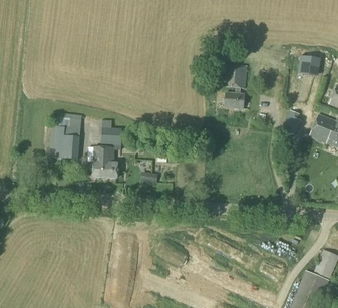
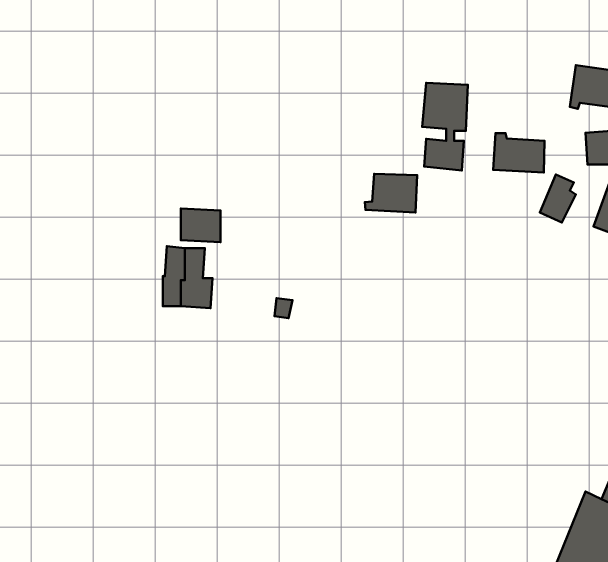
building: none -> [493,133,545,172]
building: none -> [365,174,417,212]
building: [50,114,81,158] -> none

